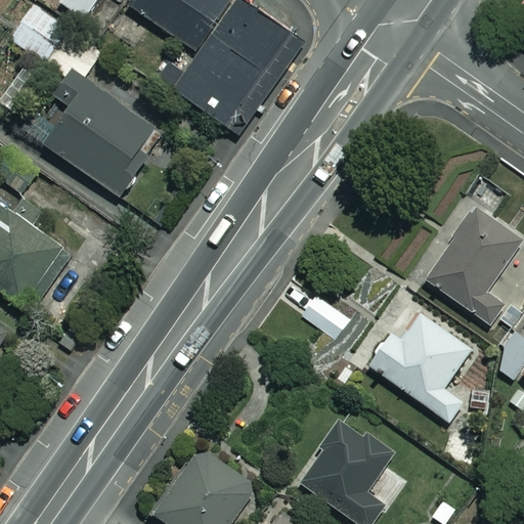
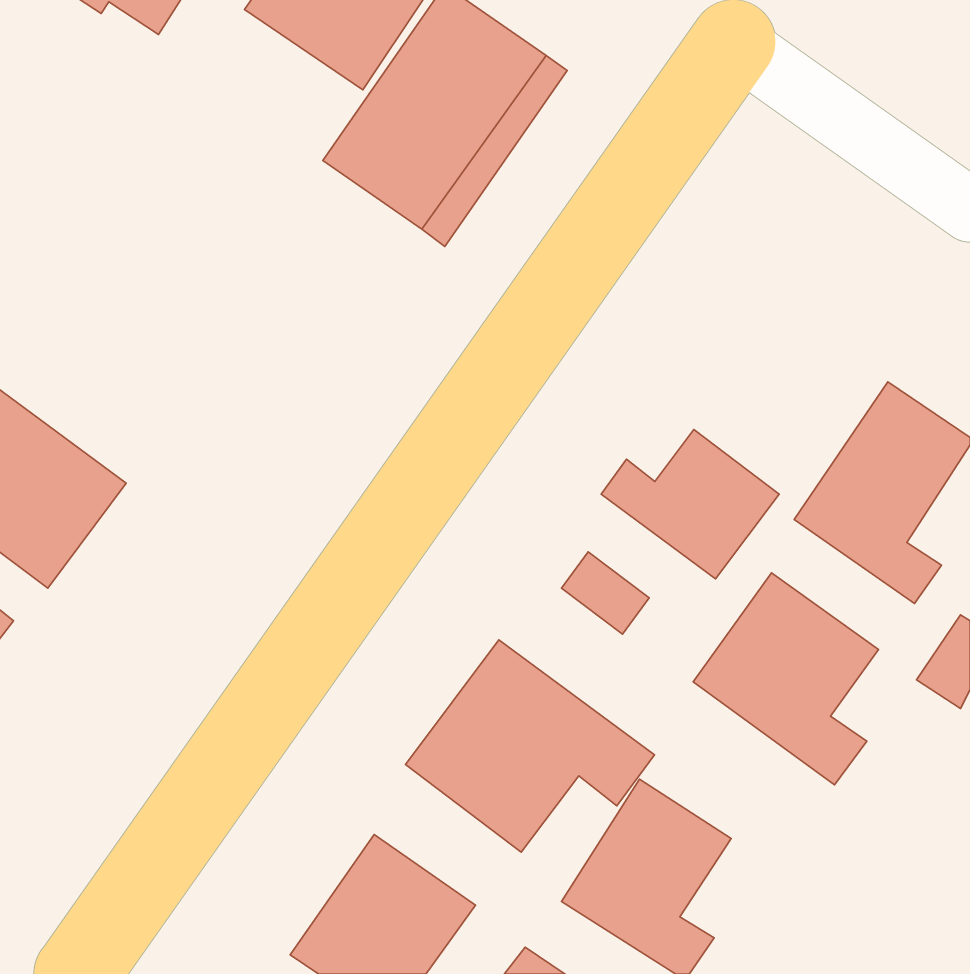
building: [9,10,154,200] -> none
building: none -> [601,430,779,579]
building: none -> [405,640,654,852]

